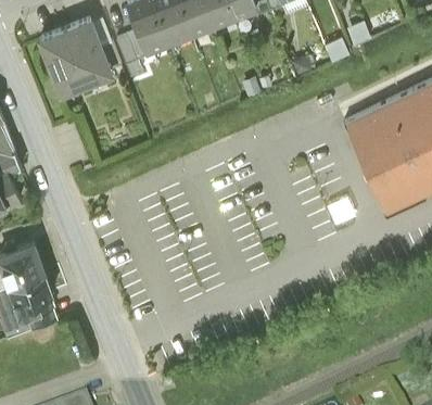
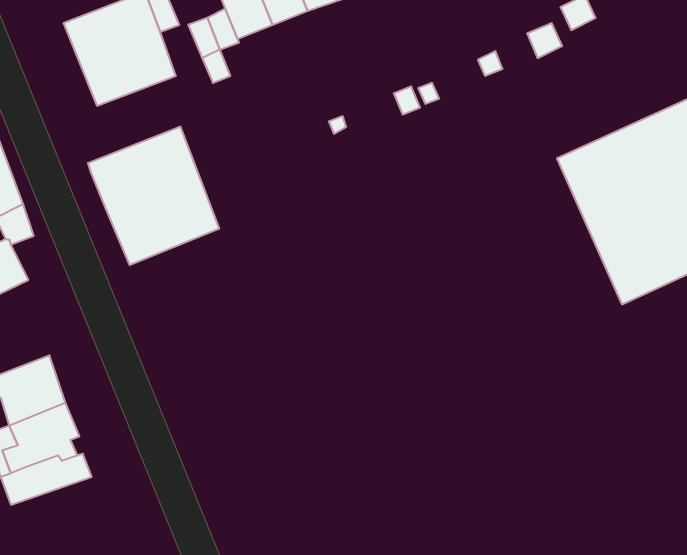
building: none -> [88,127,219,265]

